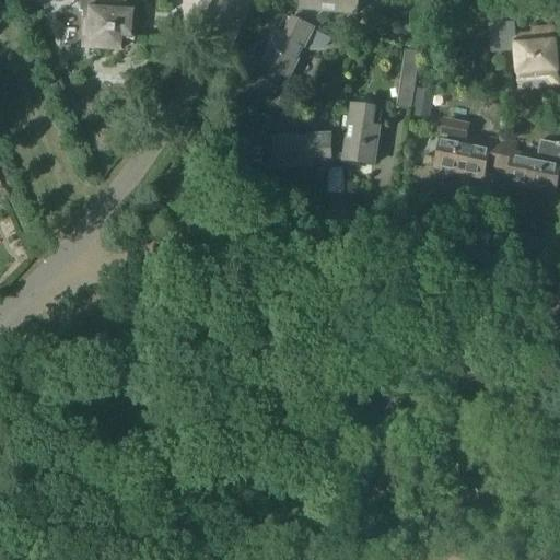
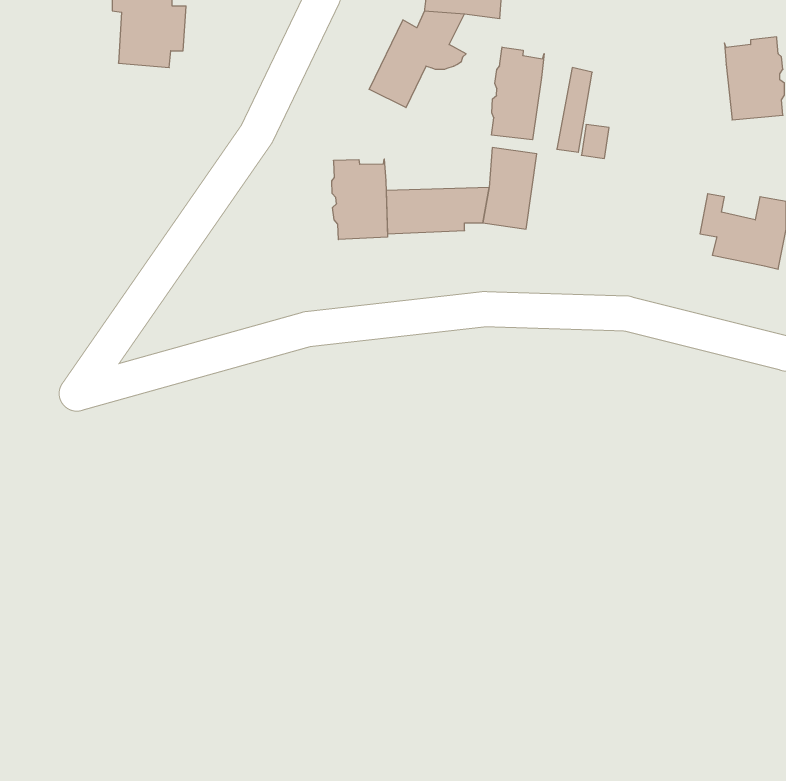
building: [488,20,516,48] -> none
building: none -> [492,47,544,140]
building: none -> [332,159,387,240]
building: [435,119,503,176] -> none

